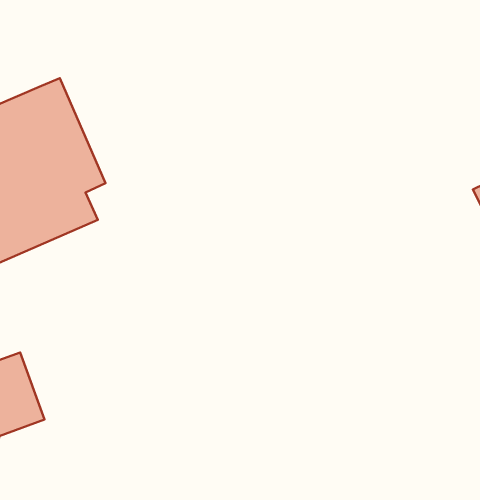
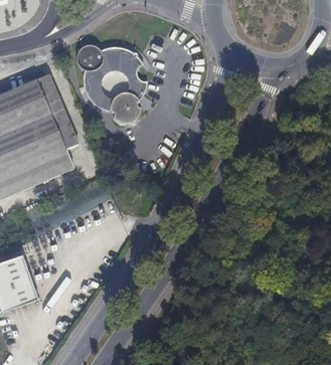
building: none -> [69,37,153,128]

